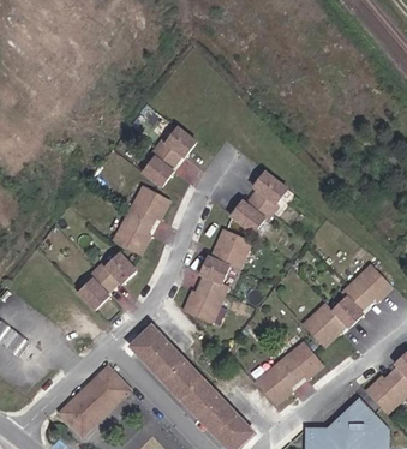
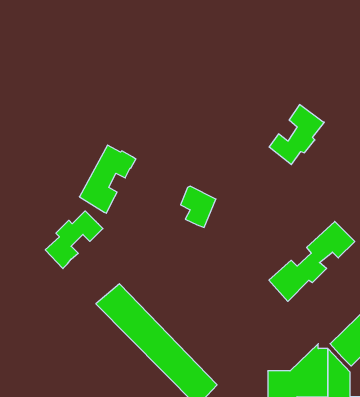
building: [138,126,194,187] -> none
building: [232,170,288,232] -> [269,105,324,165]
building: [184,257,232,323] -> none
building: [257,342,323,402] -> none
building: [60,369,131,438] -> none

